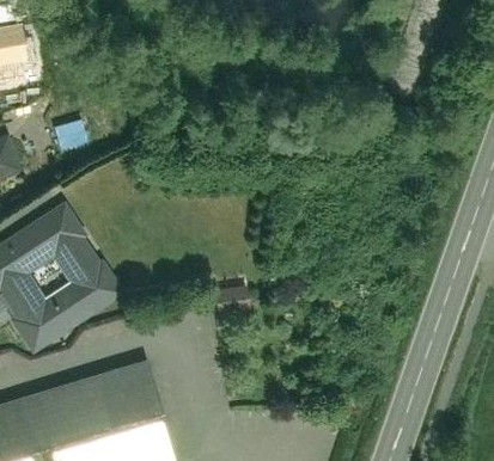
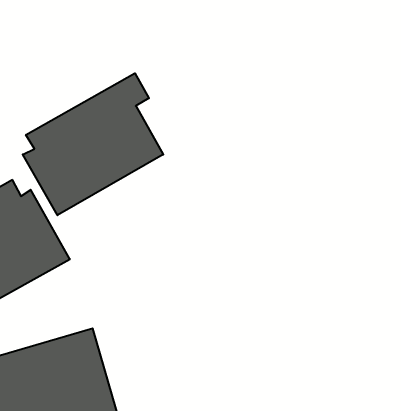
building: none -> [23,73,163,215]

